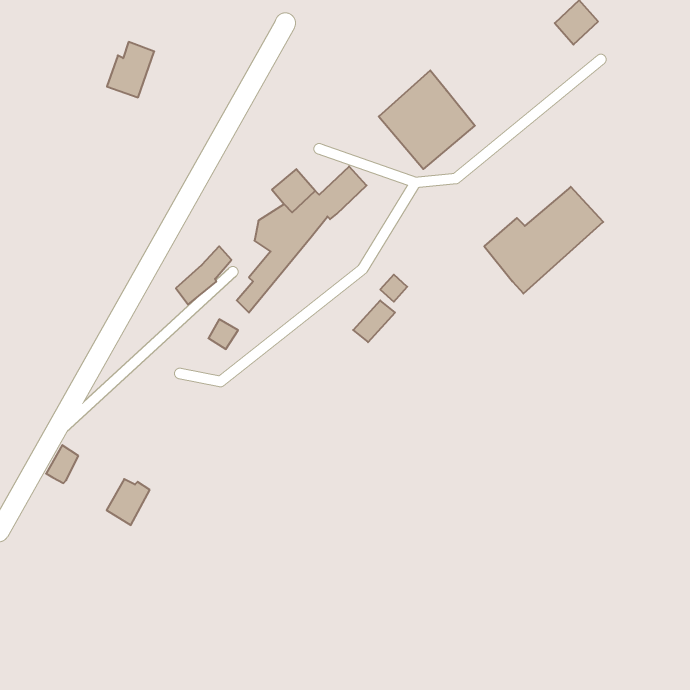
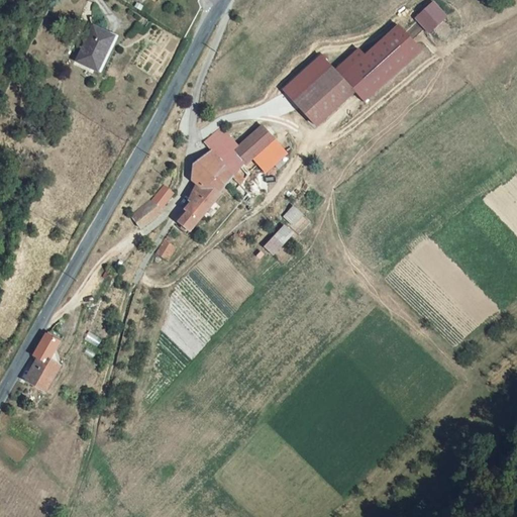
building: none -> [251,138,287,172]
building: [484,187,603,294] -> [333,23,422,103]
building: [107,479,150,525] -> [26,356,59,391]

